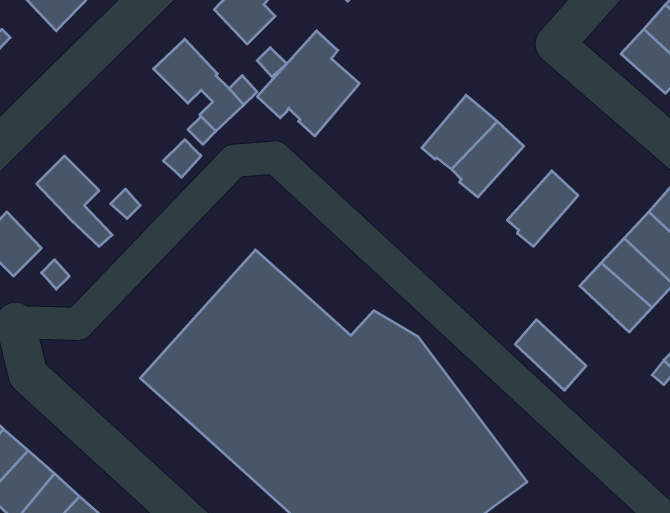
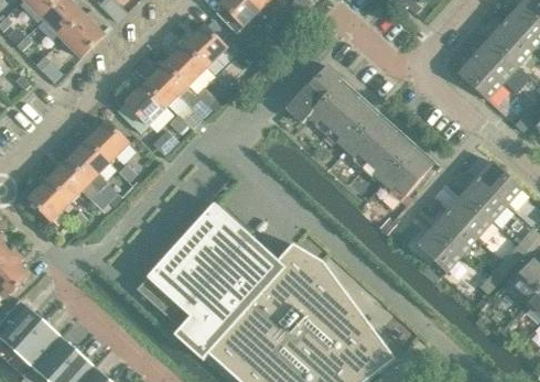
building: none -> [165,42,207,85]
building: [257,31,359,136] -> [285,64,354,134]
building: none -> [117,81,168,131]
building: none -> [85,120,129,163]
building: none -> [361,133,411,183]
building: none -> [46,159,110,214]
building: [515,320,586,390] -> [415,227,463,274]

